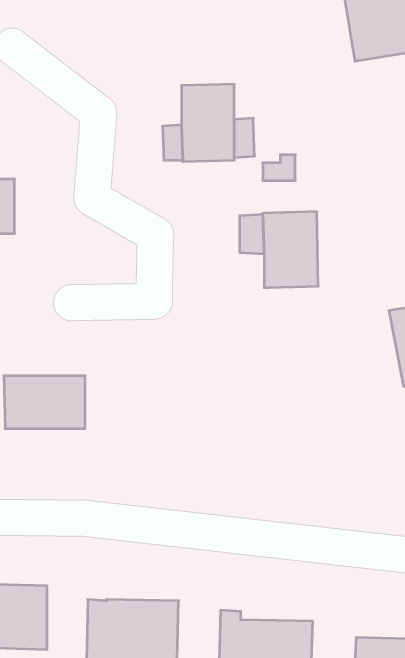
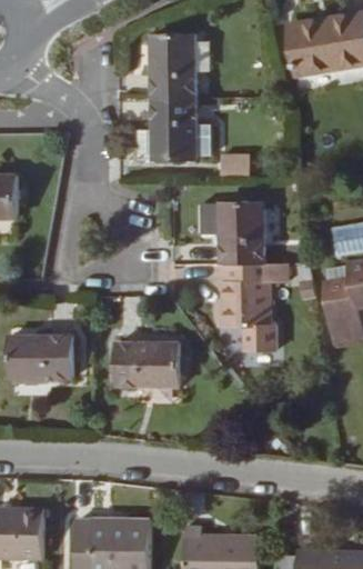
building: none -> [150,34,194,97]
building: none -> [220,261,286,351]
building: none -> [113,341,179,386]

